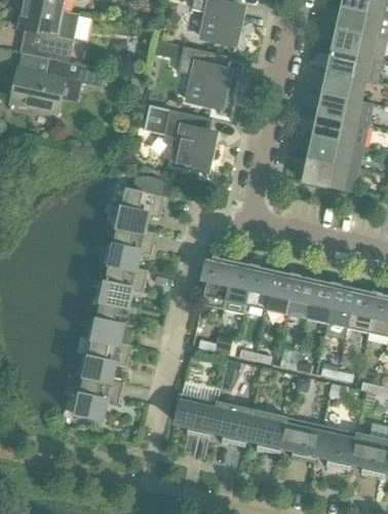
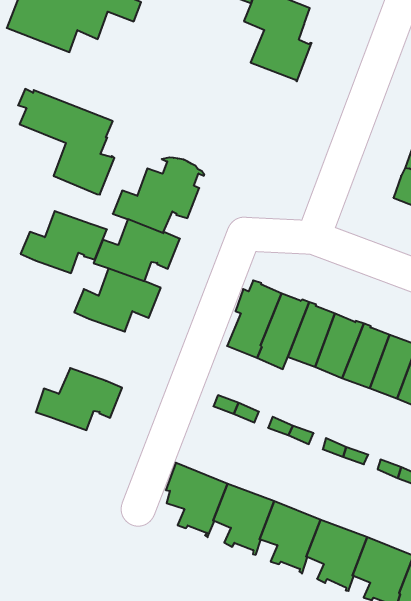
building: [140,104,214,171] -> [18,89,114,195]
building: [80,299,139,341] -> [21,211,107,273]
building: [64,373,122,417] -> none

